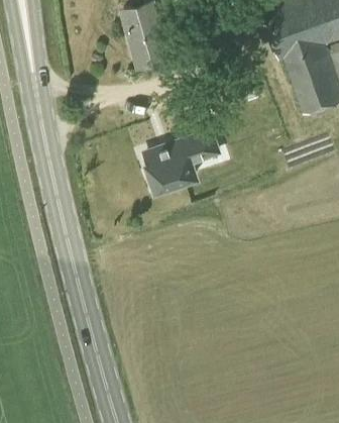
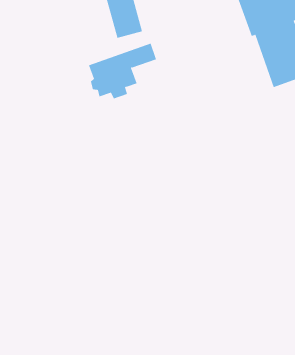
building: [146,130,218,189] -> [88,43,157,99]

